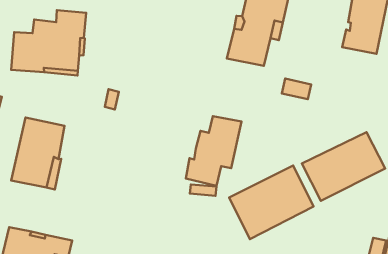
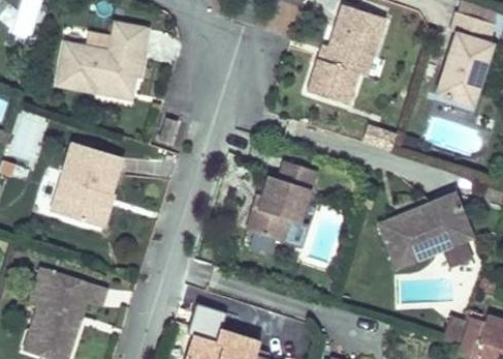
building: [229,165,313,239] -> none

